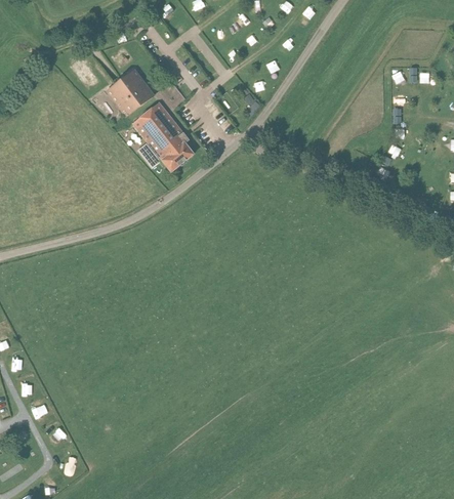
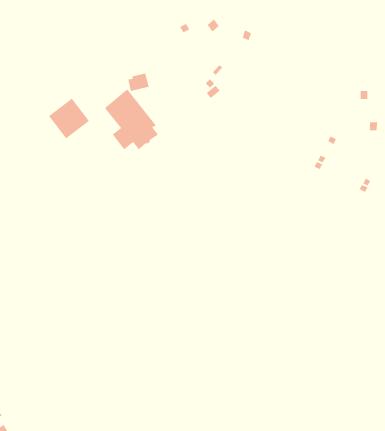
building: [108,69,154,115] -> [48,98,90,139]

